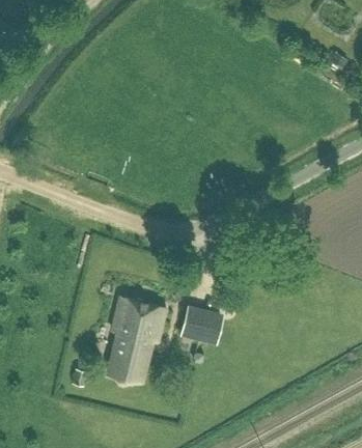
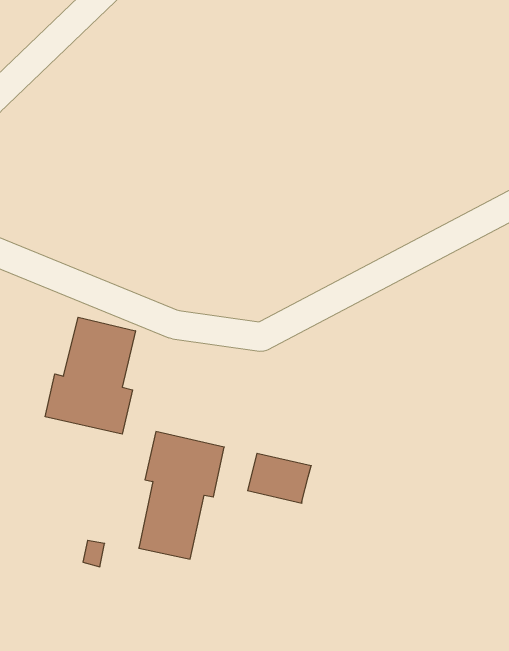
building: none -> [45,317,135,434]

